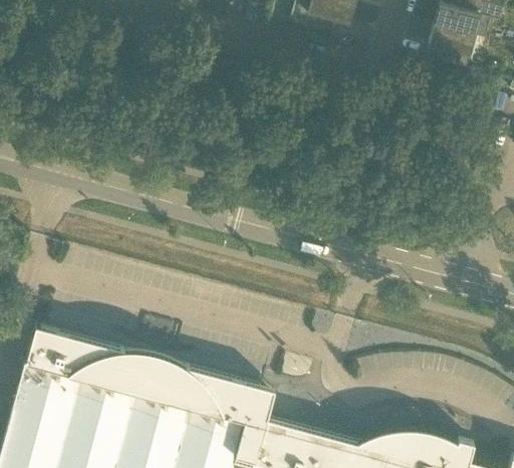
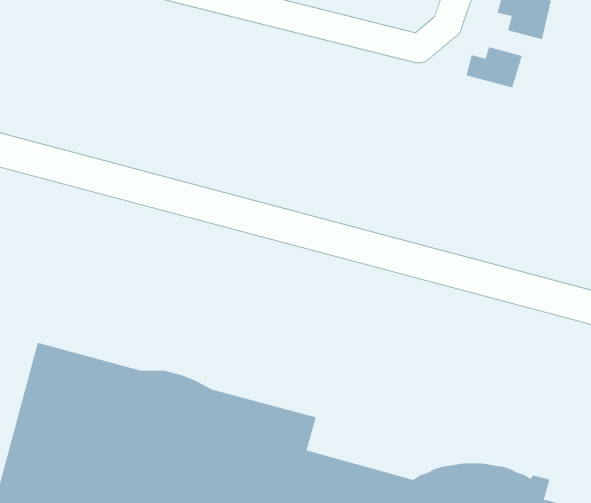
building: none -> [465,46,523,89]

